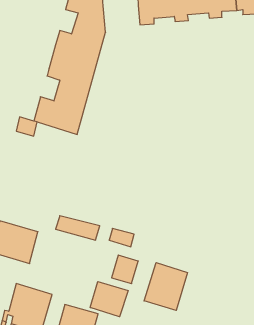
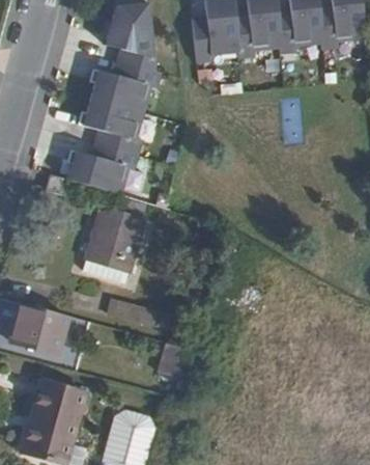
building: none -> [83,207,145,285]
building: [144,263,188,310] -> none
building: [90,282,128,317] -> none

